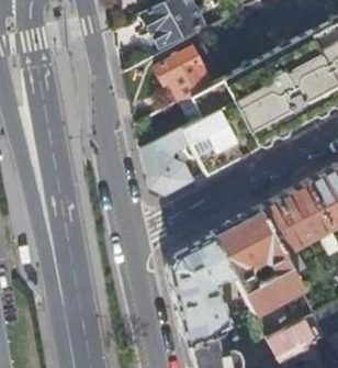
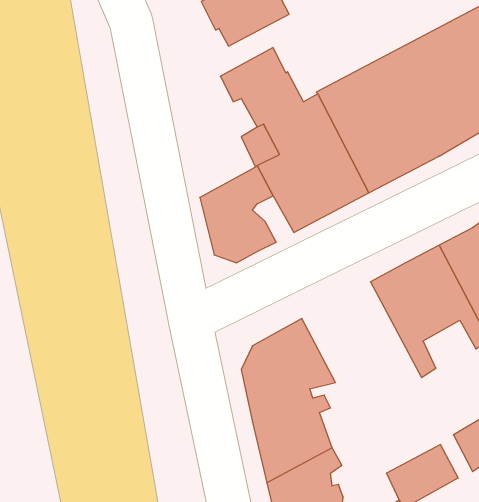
building: [213,209,302,312] -> none

